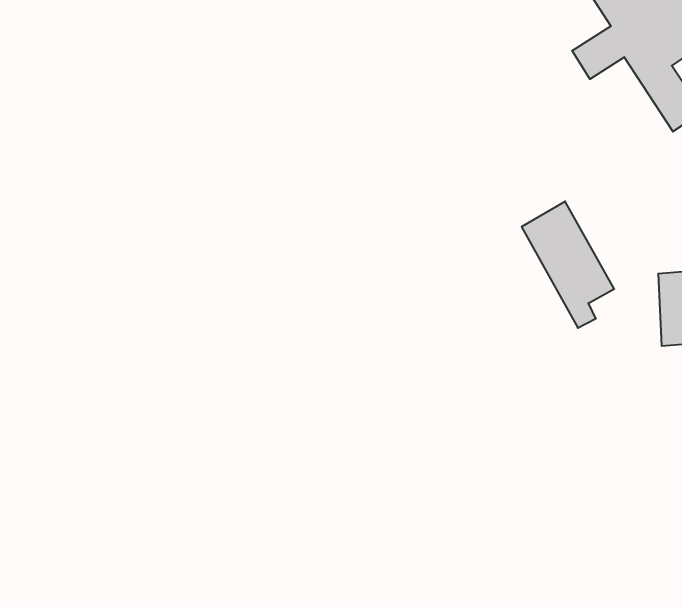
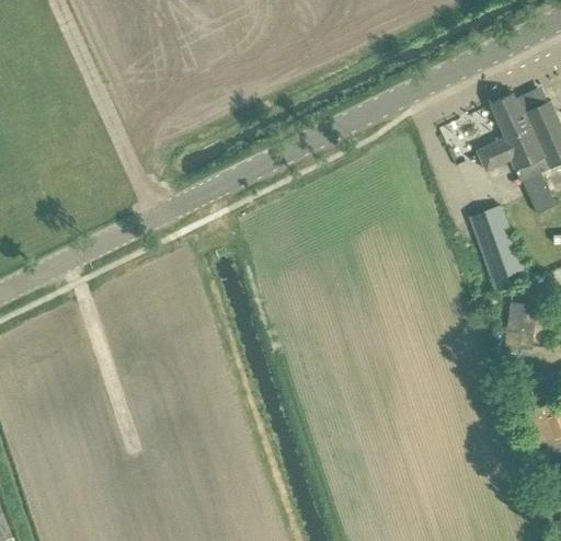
building: [522,201,614,328] -> [470,205,525,290]

